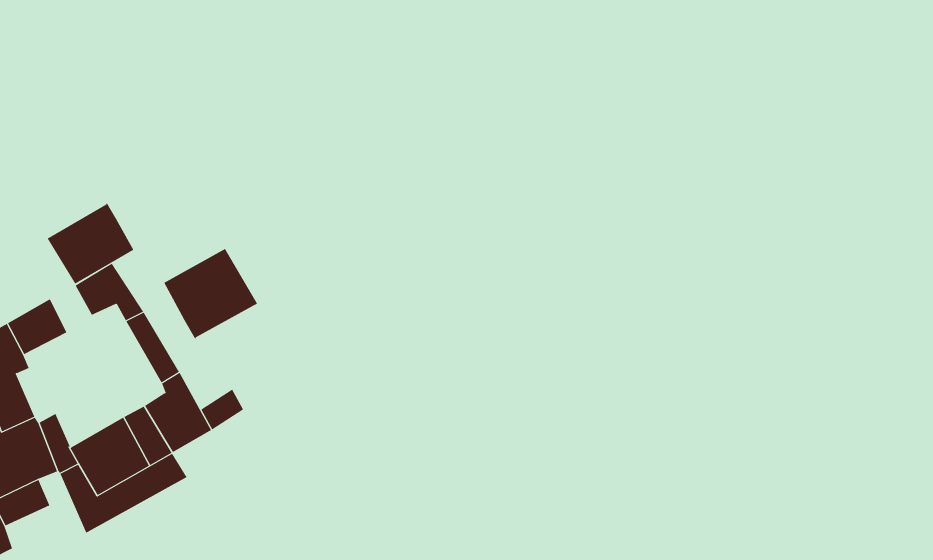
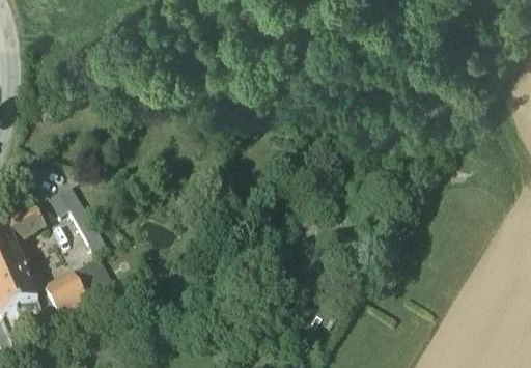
building: [47,202,134,284] -> none
building: [164,248,258,340] -> none

